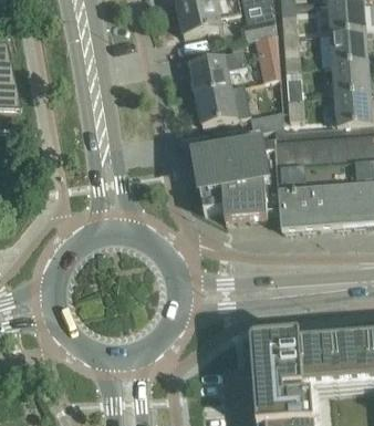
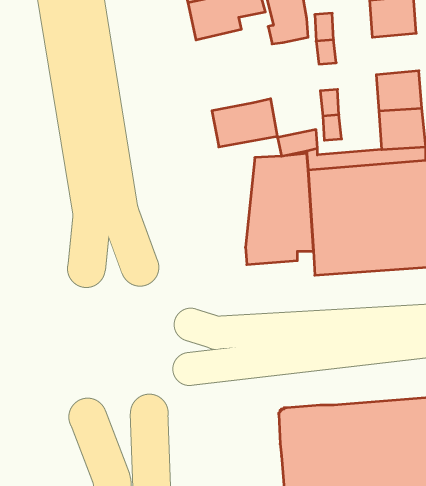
building: [328,28,366,62] -> none
building: [253,31,278,77] -> none
building: [188,51,246,92] -> none
building: [183,131,230,209] -> none

